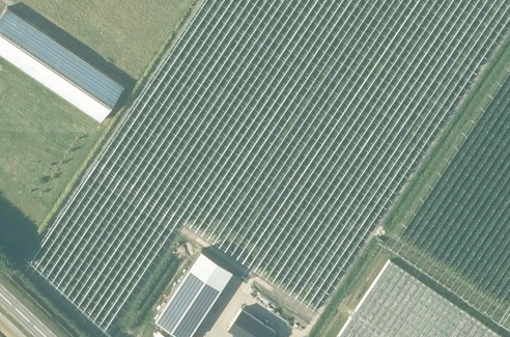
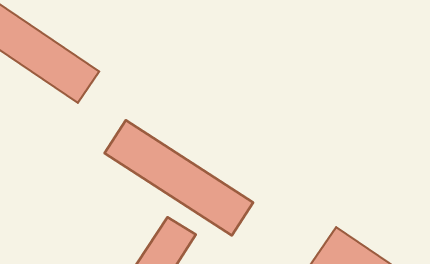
building: none -> [105,120,253,235]

